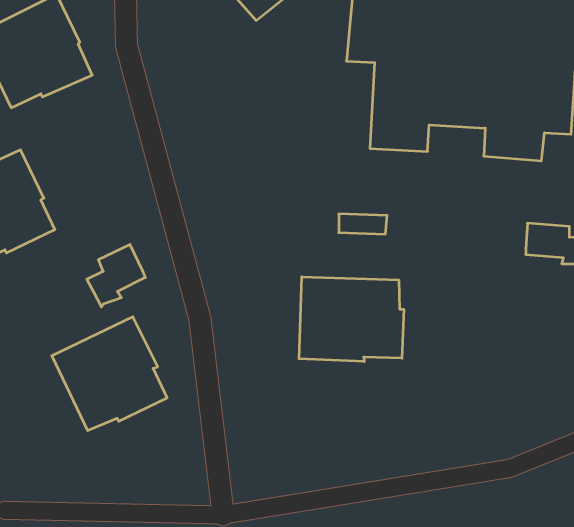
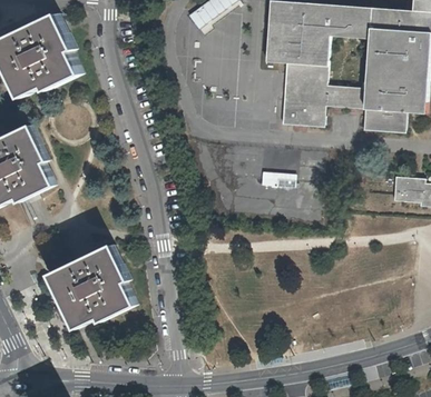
building: [87,244,145,307] -> none
building: [299,277,404,362] -> none

